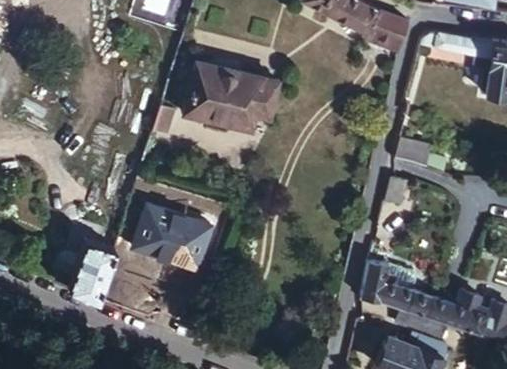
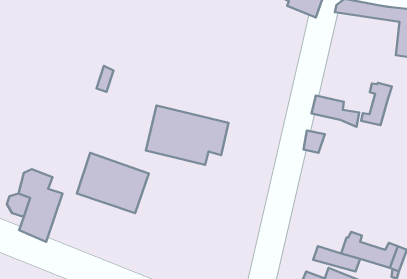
building: [186,62,278,128] -> [146,106,228,165]
building: none -> [361,83,392,125]
building: [363,261,434,316] -> none

